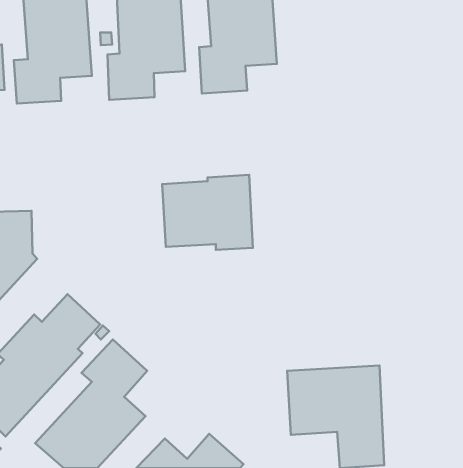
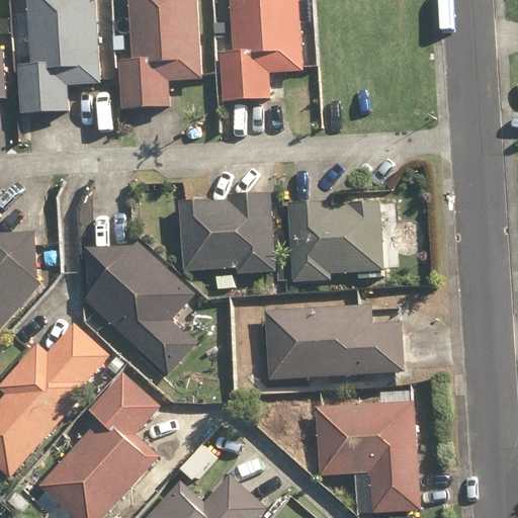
building: none -> [286,200,384,280]
building: none -> [84,241,195,374]
building: none -> [262,303,405,379]

